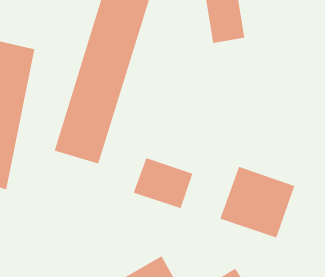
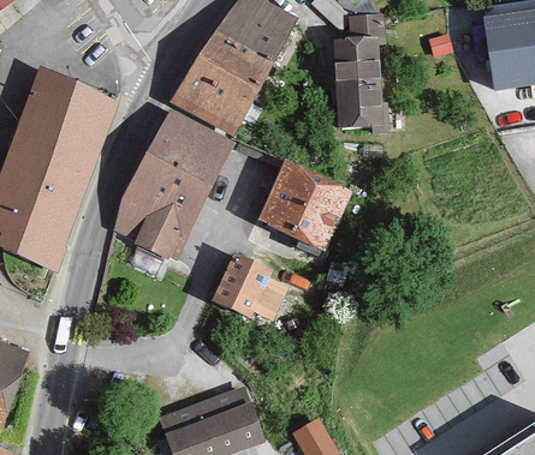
building: [219,166,295,238] -> [250,163,351,261]

